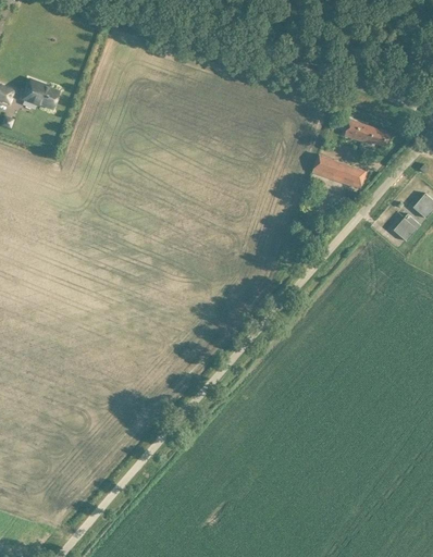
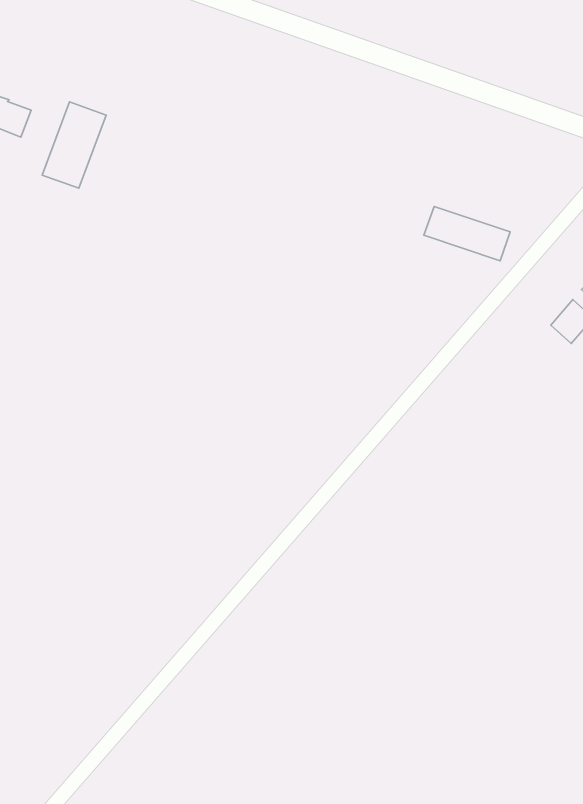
building: none -> [42,102,106,188]
building: [344,120,389,146] -> none

